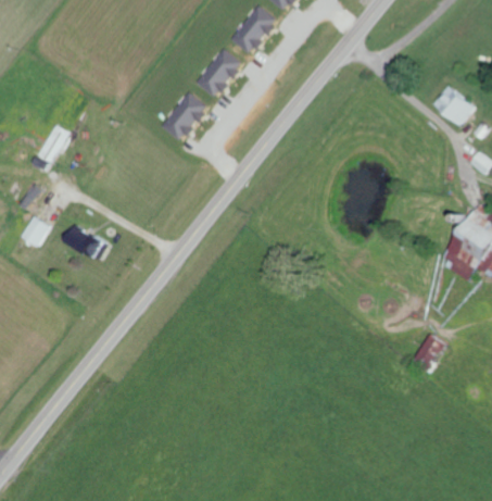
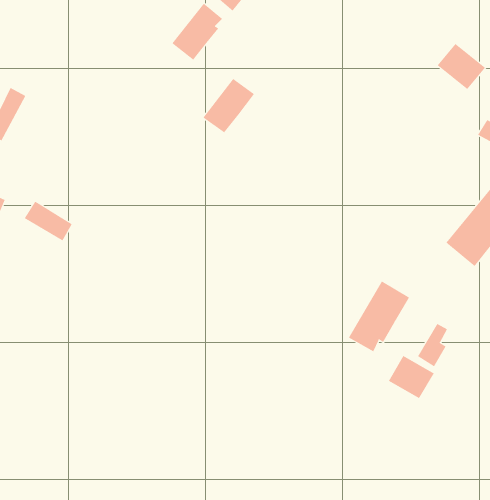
building: [161,92,207,141] -> [202,78,255,133]
building: none -> [348,281,410,352]
building: none -> [388,355,434,399]

